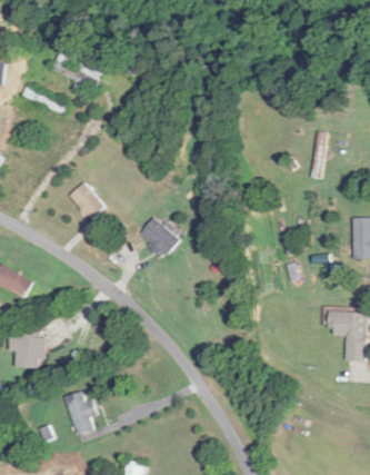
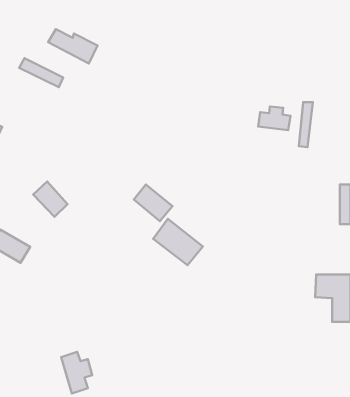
building: none -> [258,107,290,130]
building: [70,184,106,220] -> [33,182,67,217]
building: none -> [153,219,203,265]
building: [10,330,46,369] -> none

